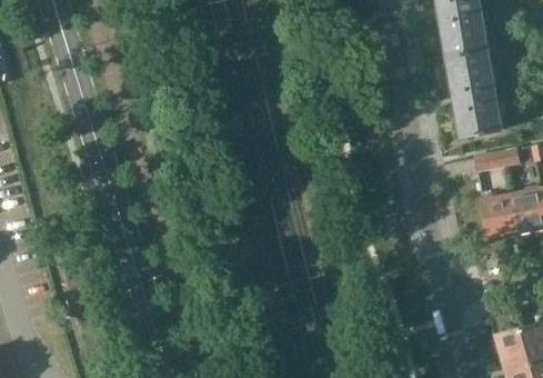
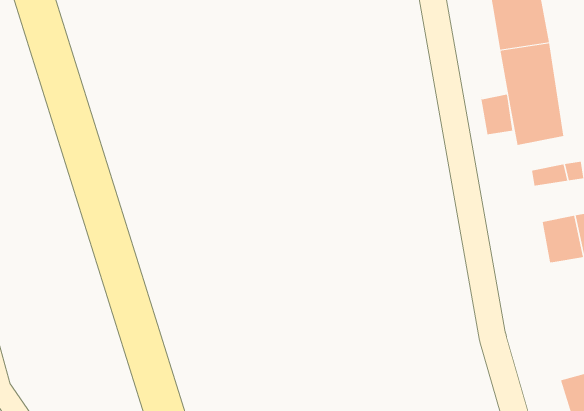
building: none -> [480,93,513,135]

